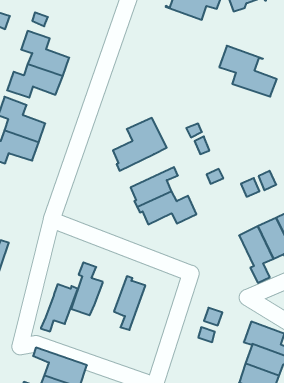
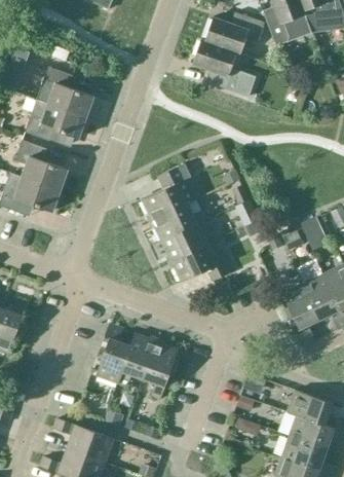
building: [219,46,277,97] -> [192,40,256,97]
building: none -> [149,204,209,241]
building: [41,284,78,331] -> [116,334,157,387]

